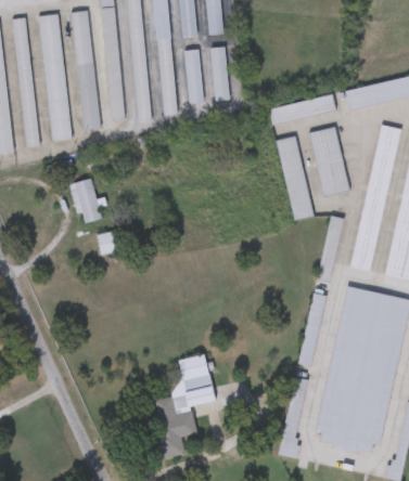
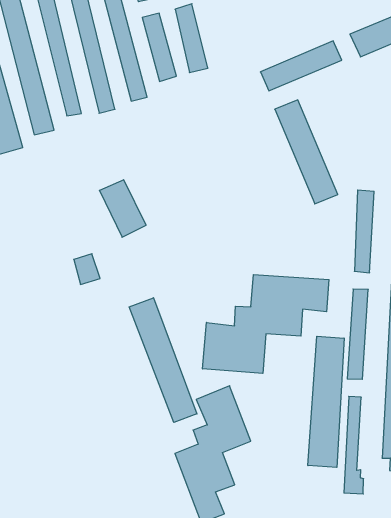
building: [310,126,350,195] -> none
building: [69,178,102,223] -> [99,180,146,237]
building: none -> [203,275,329,373]
building: none -> [129,298,197,422]
building: none -> [308,336,344,467]

